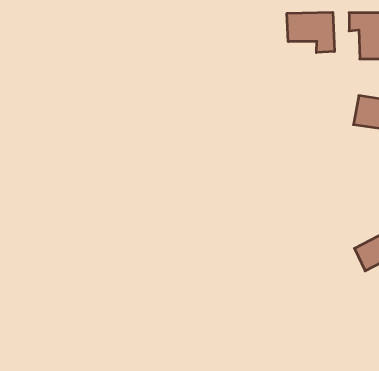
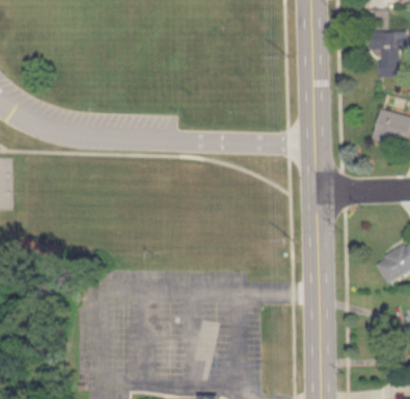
building: [287,12,334,53] -> none

